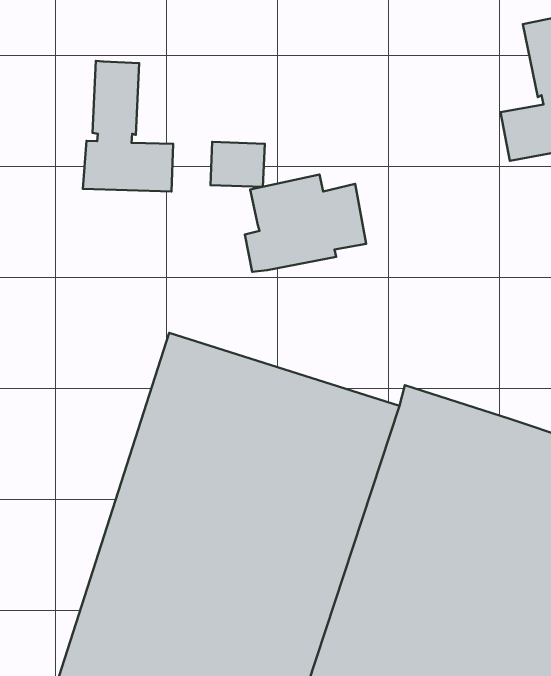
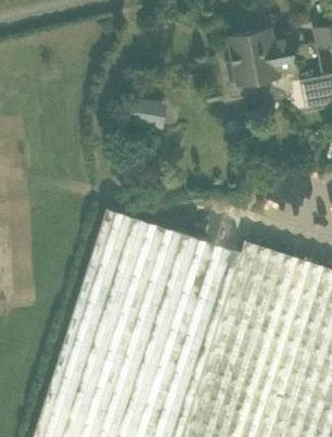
building: [83,61,173,191] -> none
building: [245,175,366,272] -> [224,29,294,86]

